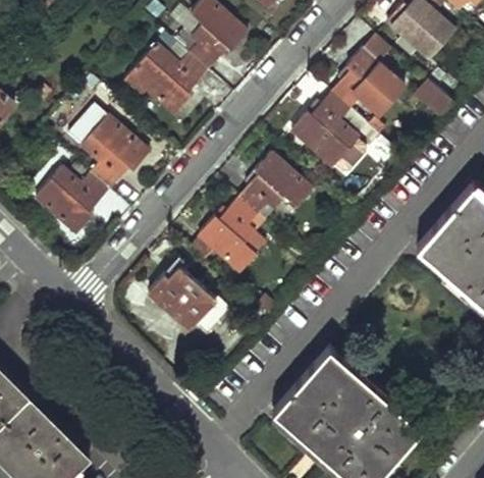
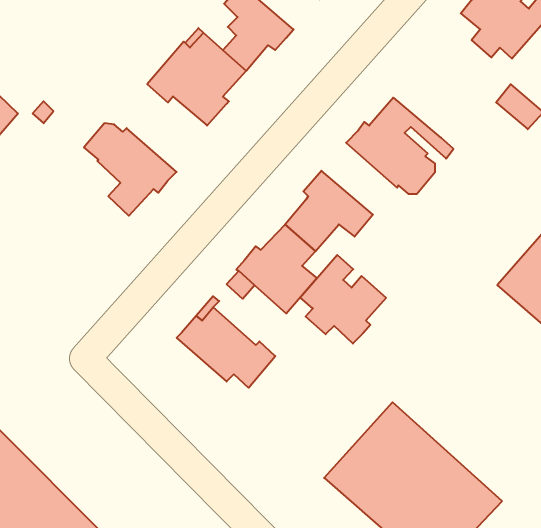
building: [330,46,408,134] -> none
building: [36,168,109,233] -> none
building: none -> [300,255,386,344]

